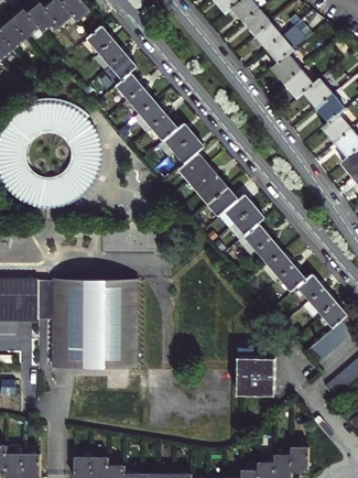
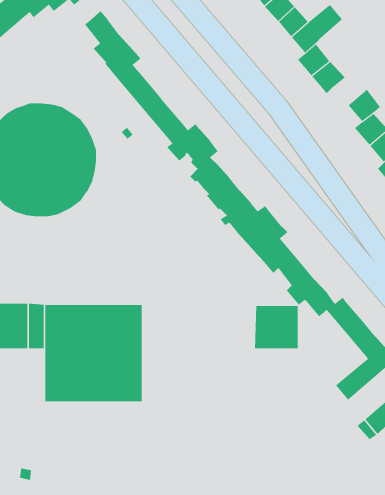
building: [302,79,332,108] -> none
building: [236,357,274,394] -> [254,306,298,349]

